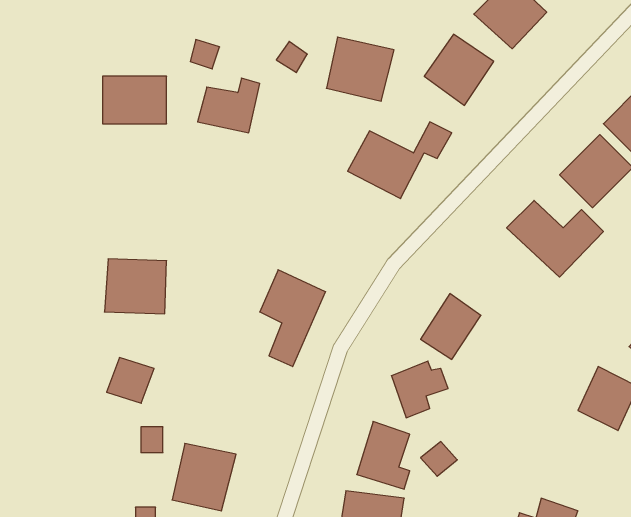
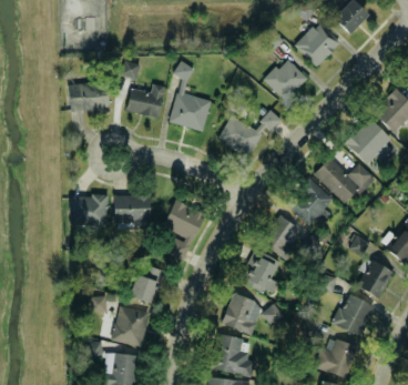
building: [326,37,394,101] -> [170,92,211,131]
building: none -> [293,184,334,225]
building: none -> [115,195,150,227]
building: [107,358,154,403] -> [130,275,159,303]
building: none -> [332,295,376,338]

